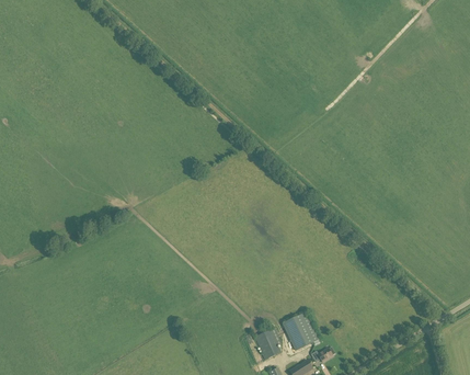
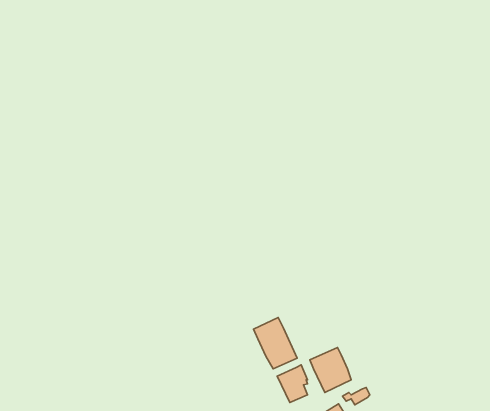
building: none -> [253,318,297,369]

